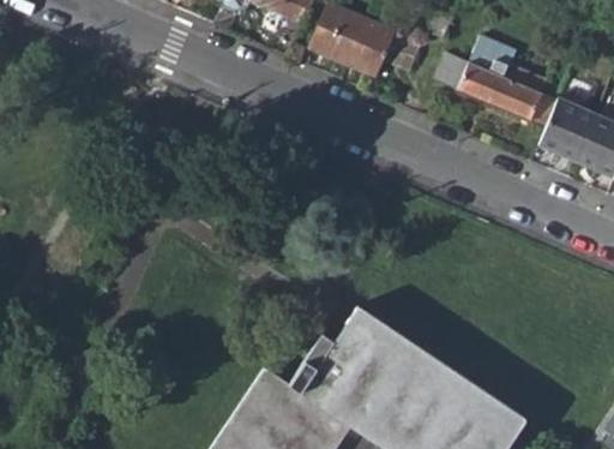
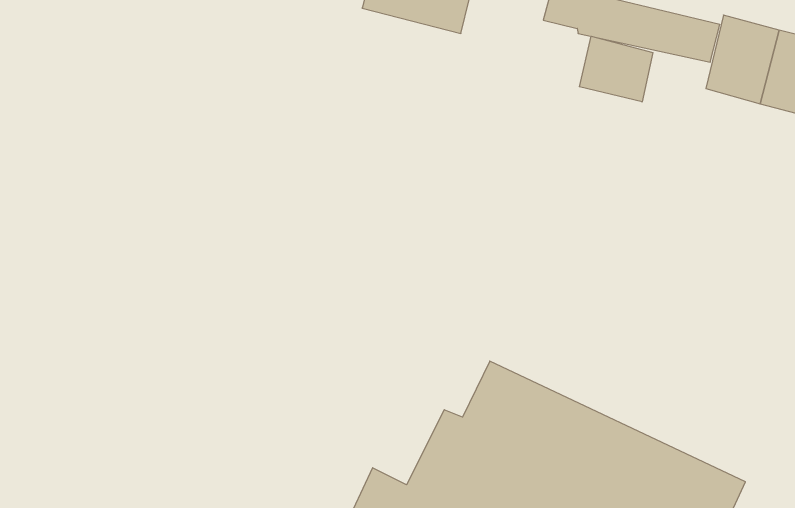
building: none -> [579,36,653,102]

